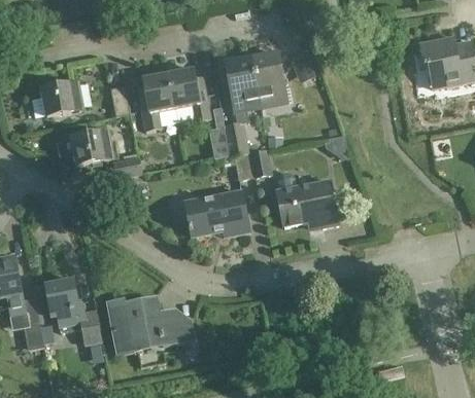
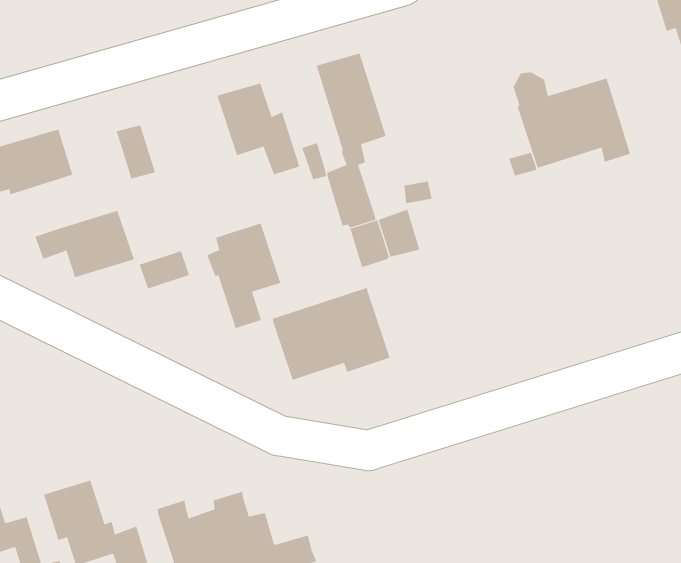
building: [251,52,292,106] -> none
building: [135,72,175,130] -> [206,223,281,329]
building: [276,171,338,226] -> [513,72,631,169]

